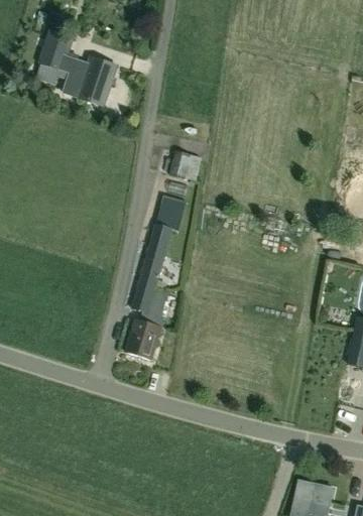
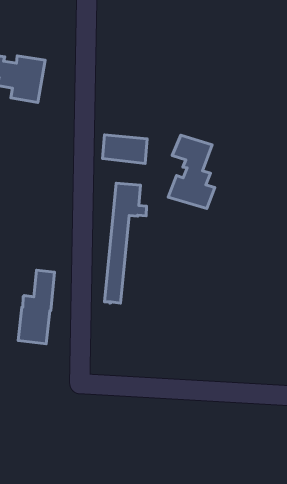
building: none -> [168,135,215,209]
building: [125,286,171,359] -> [18,270,55,344]

